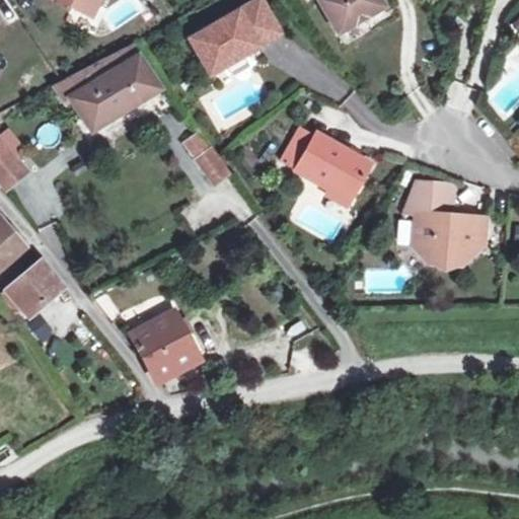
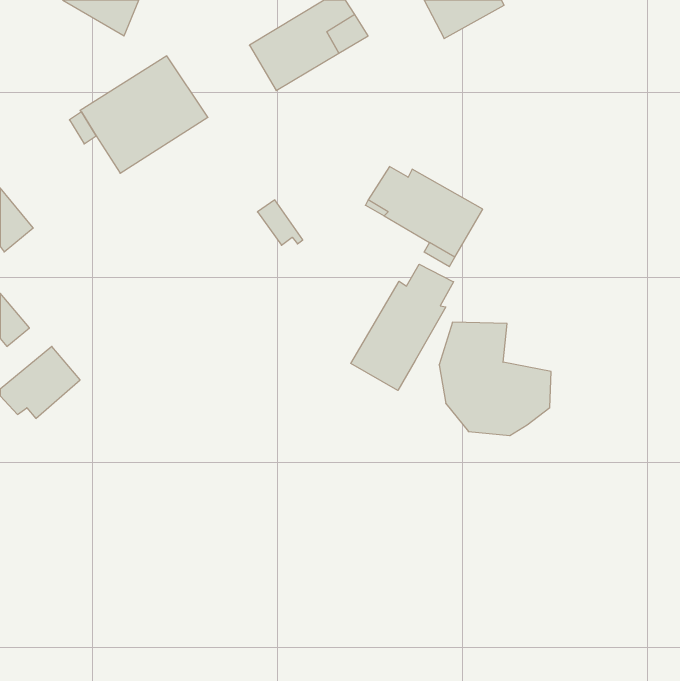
building: [405,179,491,266] -> [439,322,551,436]
building: none -> [351,264,454,390]
building: [134,318,195,377] -> none

